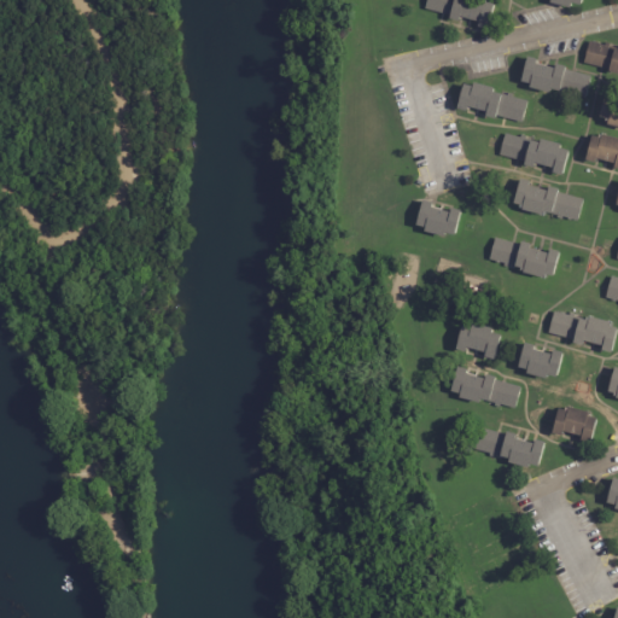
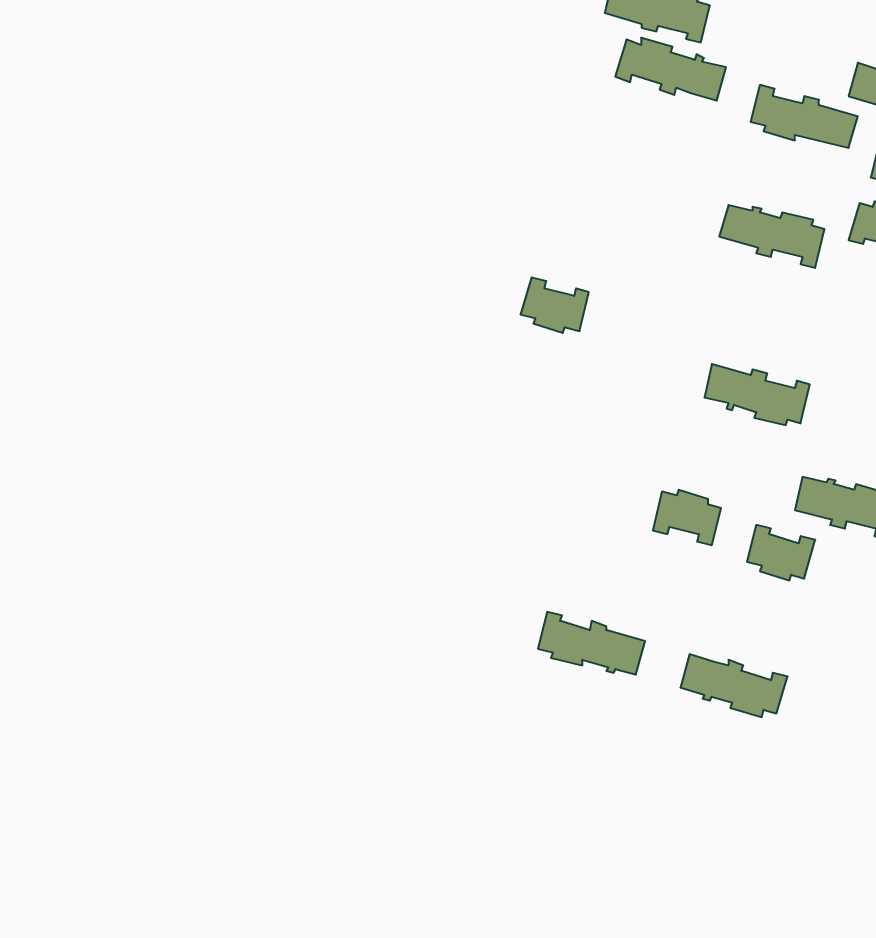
building: [455,81,527,122] -> [615,38,726,101]
building: [513,179,583,221] -> none
building: [415,200,460,237] -> [520,277,589,333]
building: [450,366,520,407] -> [538,612,645,675]
building: [552,406,596,442] -> none

